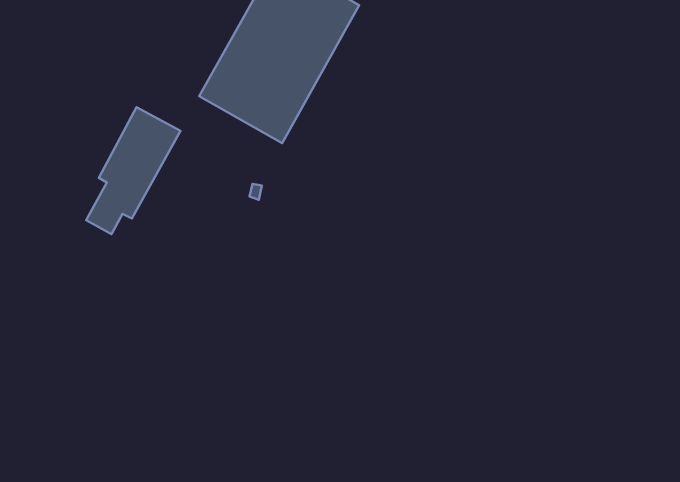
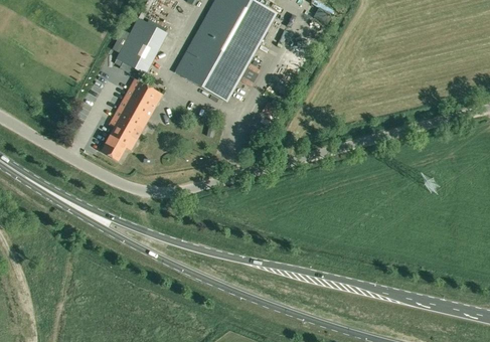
building: none -> [116,19,164,73]

